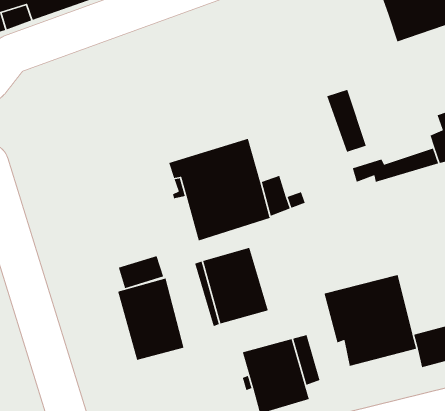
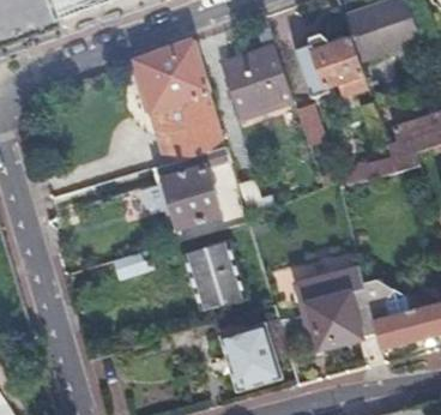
building: none -> [294,35,366,97]
building: none -> [137,40,225,161]
building: none -> [219,44,292,120]
building: [117,278,184,361] -> none

